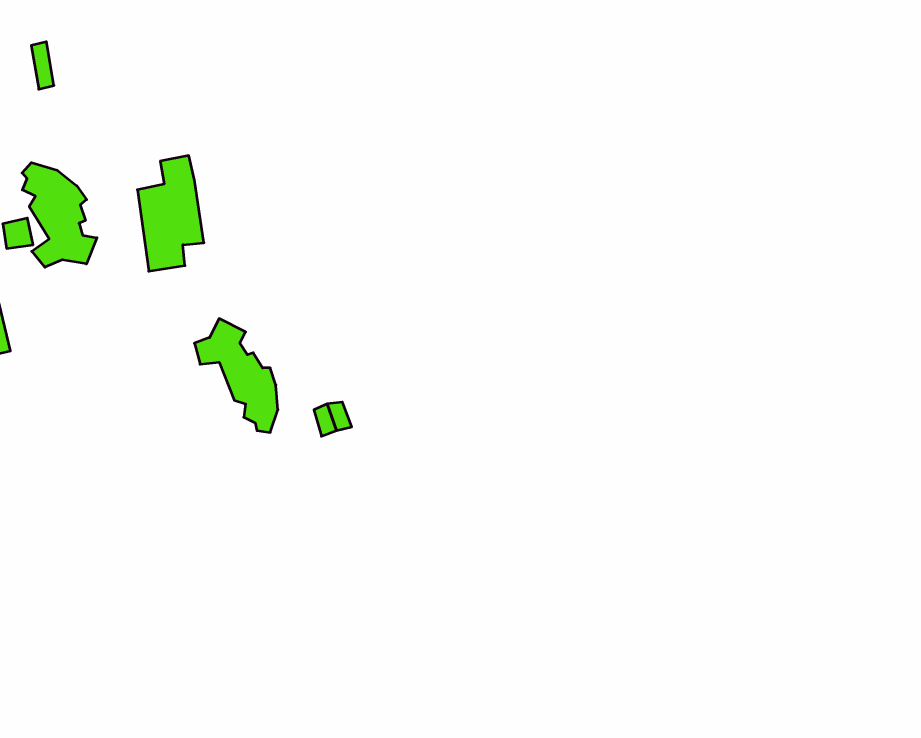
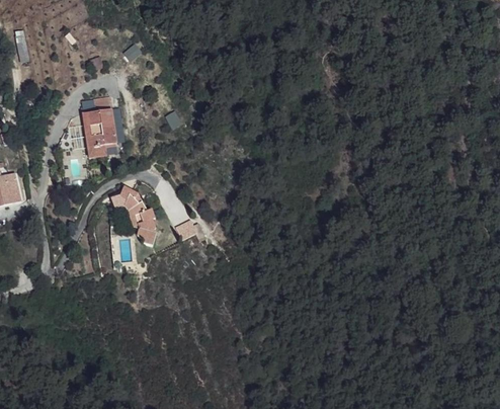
building: [22,163,97,267] -> none

